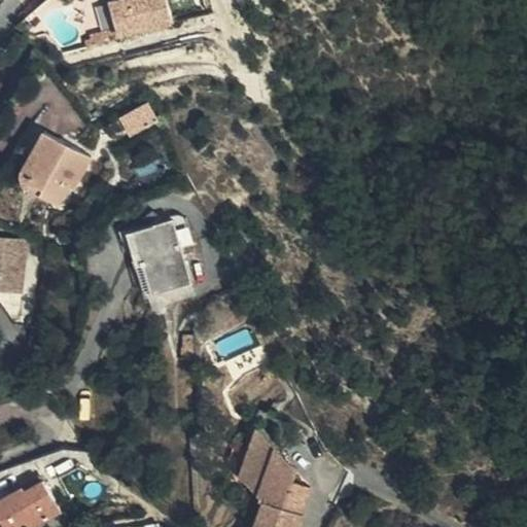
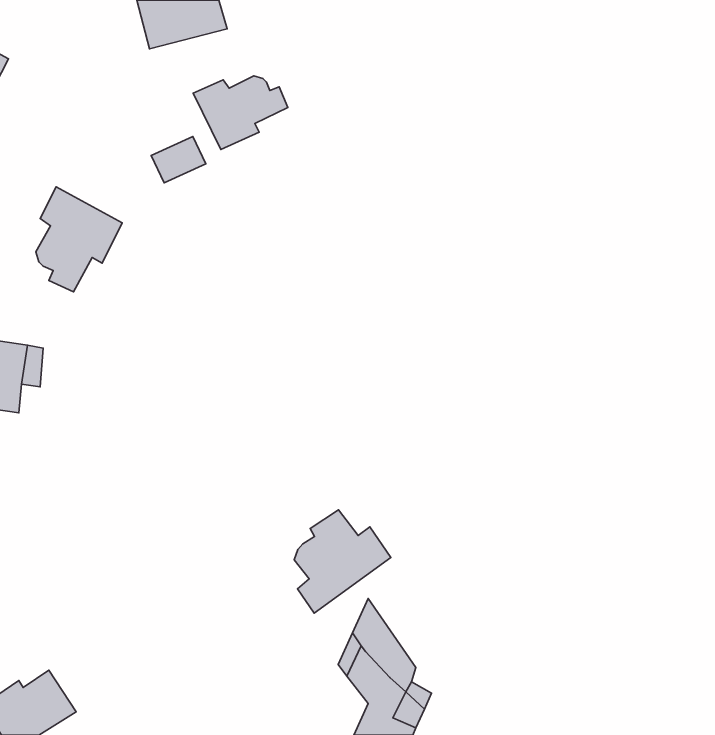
building: none -> [193,76,288,149]
building: [133,225,189,302] -> none
building: none -> [294,510,391,613]

